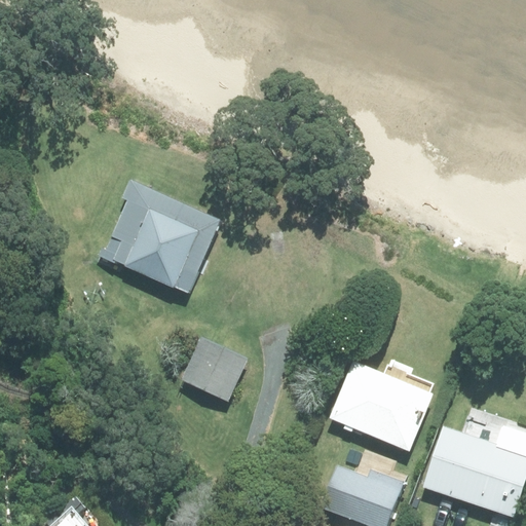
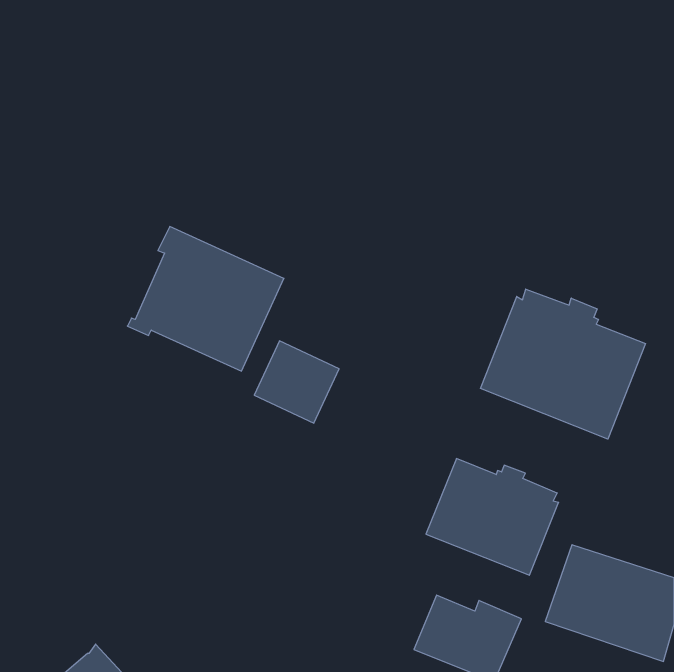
building: none -> [480,289,645,439]
building: [182,337,248,401] -> [254,341,339,423]

